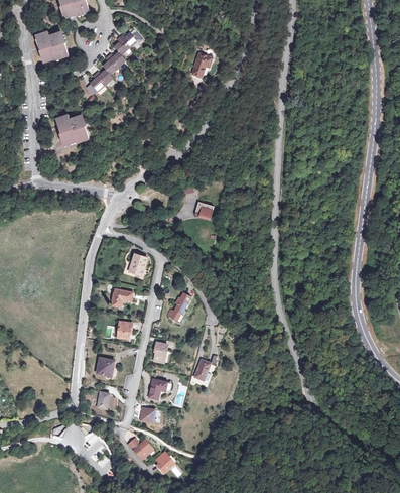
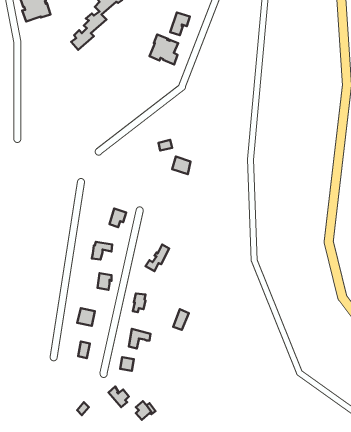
building: none -> [149,34,178,64]
building: [56,115,89,145] -> none

